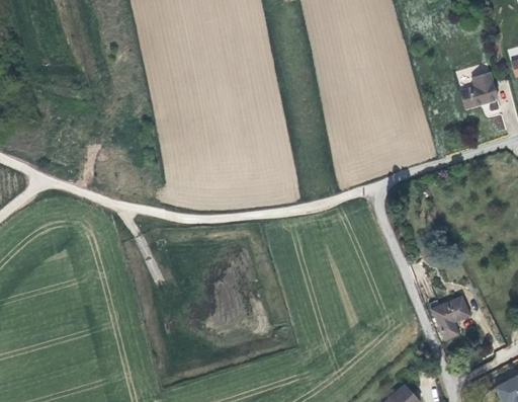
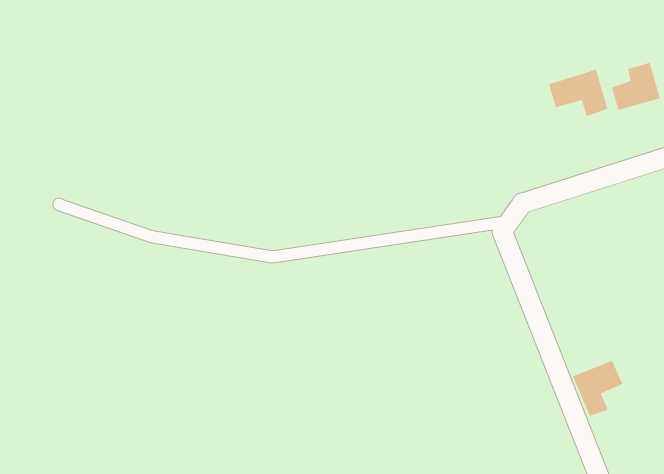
building: none -> [549,69,608,117]

